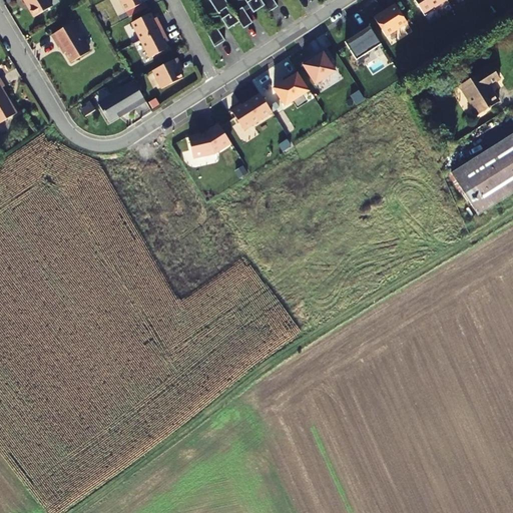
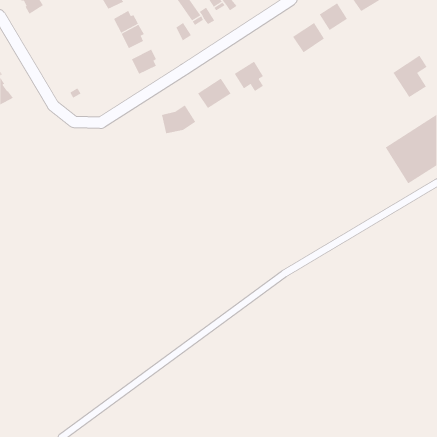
building: [52,23,88,63] -> none
building: [302,49,335,83] -> none
building: [98,80,146,120] -> none

